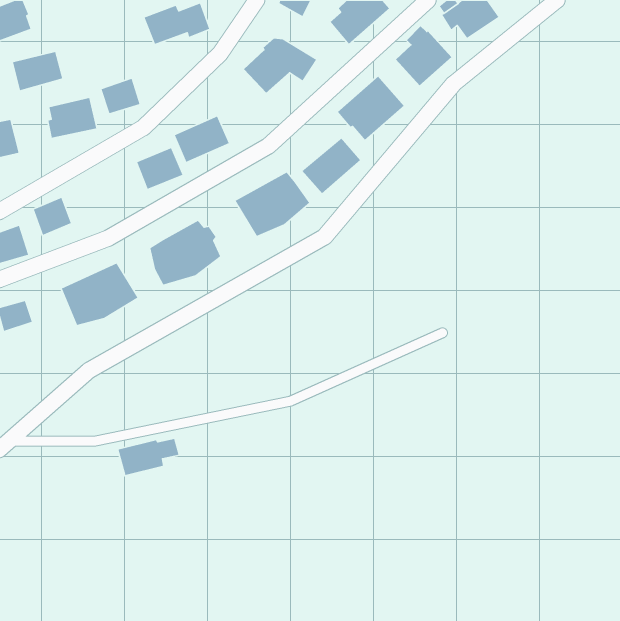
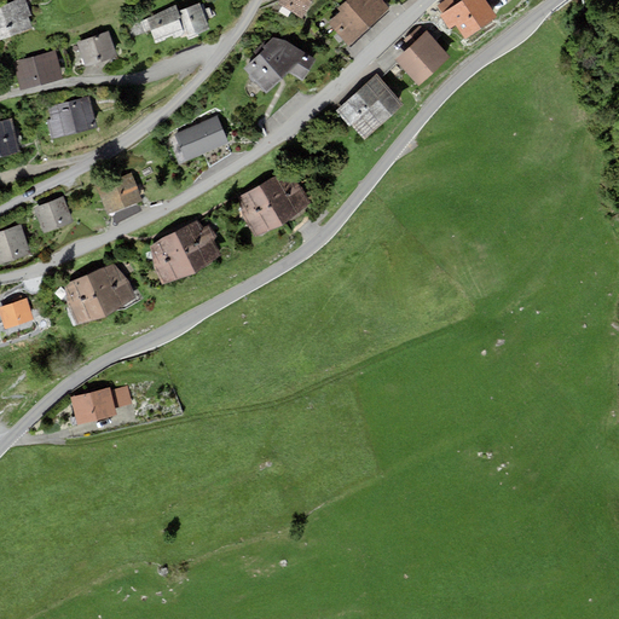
building: [100,78,141,114] -> [76,31,116,68]
building: [302,137,361,194] -> none
building: [136,147,184,190] -> [94,173,141,215]
building: [118,438,180,476] -> [69,387,131,424]

